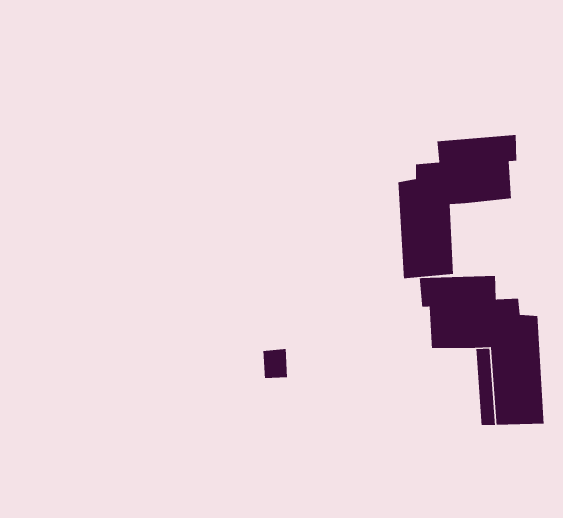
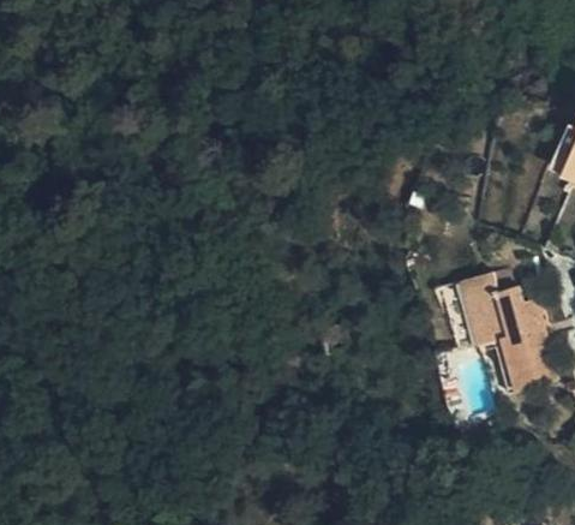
building: [397,134,517,279] -> none

